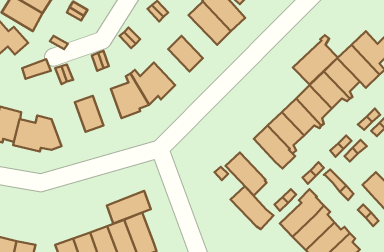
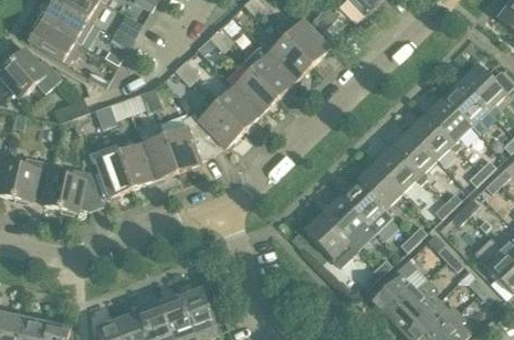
building: none -> [242,44,294,97]
building: [293,35,338,85] -> none
building: none -> [216,86,260,130]
building: none -> [140,135,176,180]
building: none -> [87,142,132,196]
building: [230,186,273,229] -> [322,196,375,249]
building: [107,191,151,224] -> none

